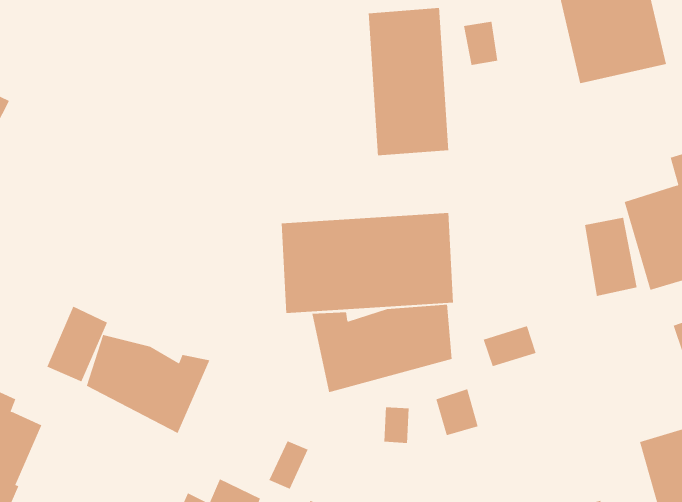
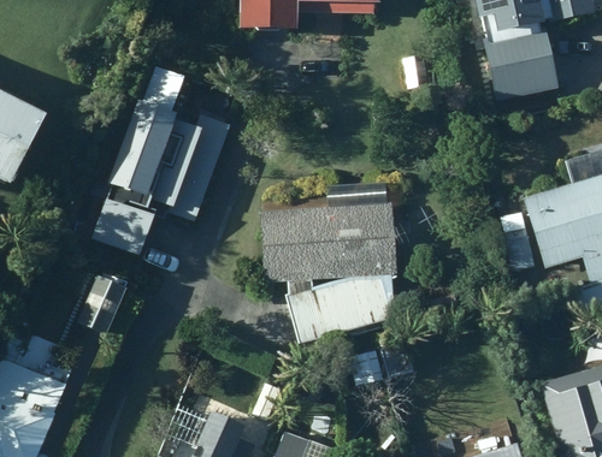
building: [368,7,449,156] -> none
building: none -> [94,101,230,255]
building: [86,334,210,434] -> none

